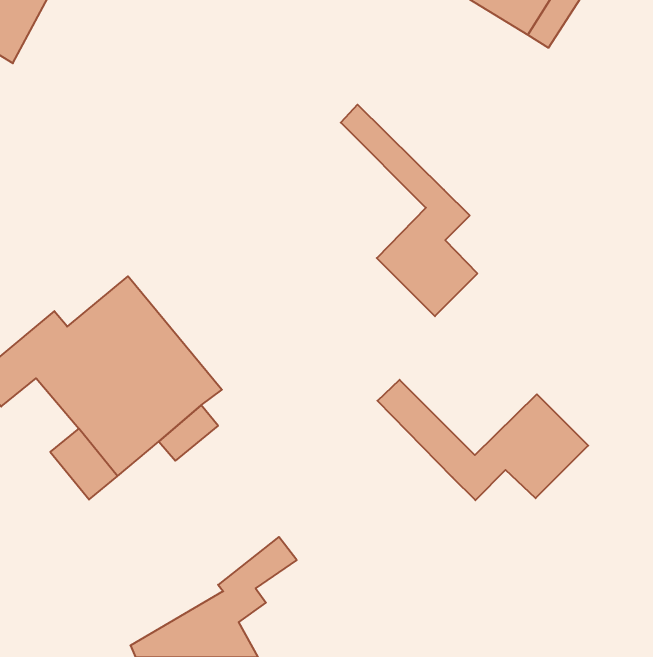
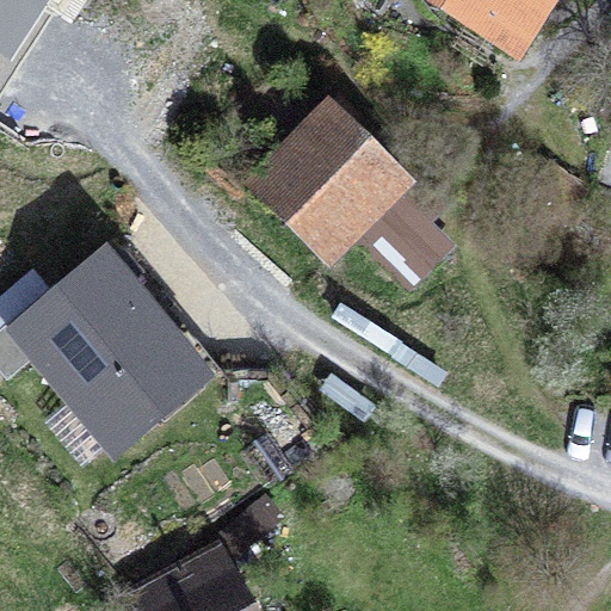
building: none -> [243,113,394,264]
building: [377,380,588,500] -> none

